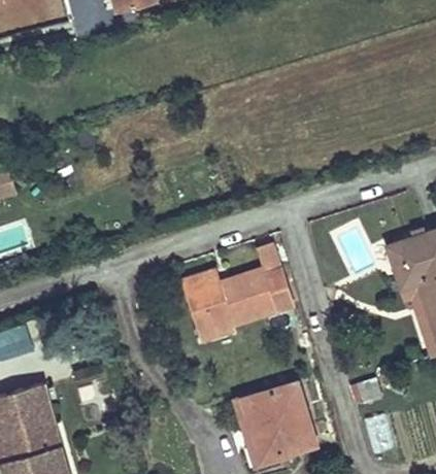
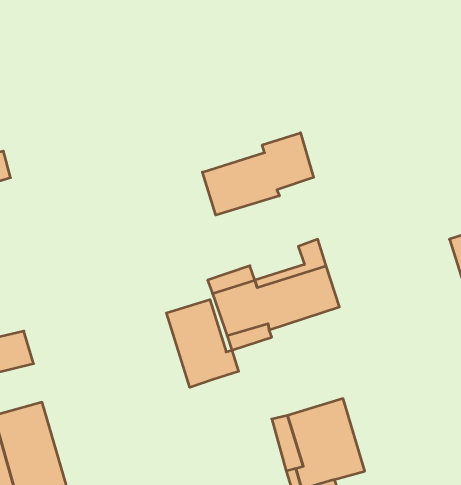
building: none -> [202,133,314,215]
building: none -> [166,300,239,387]

